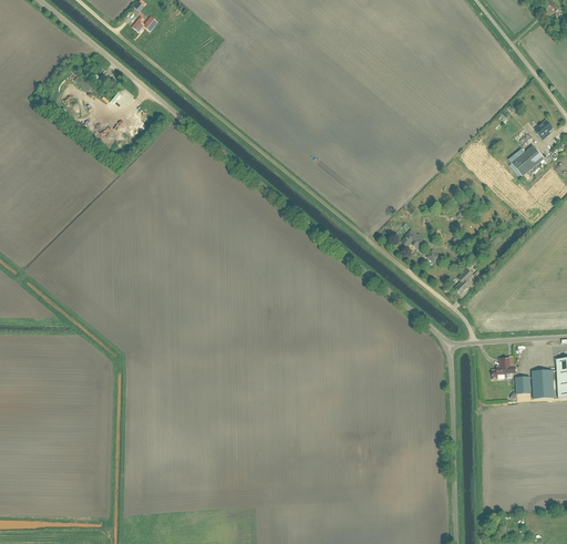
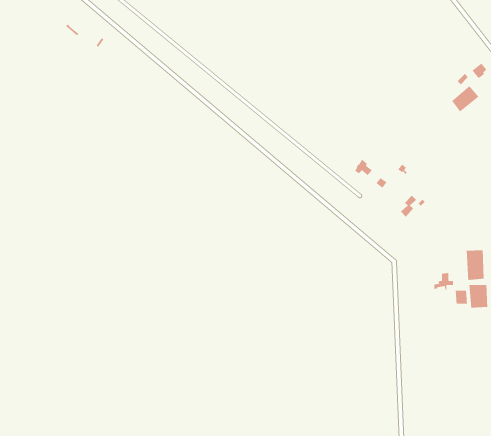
building: none -> [466,250,484,281]

